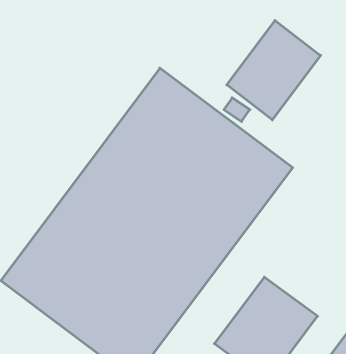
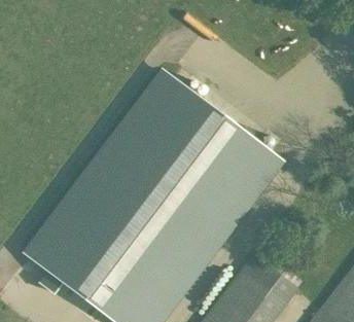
building: [227,20,321,120] -> none

